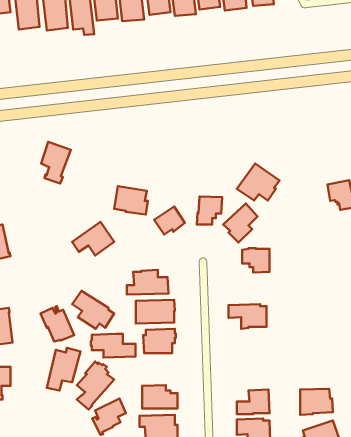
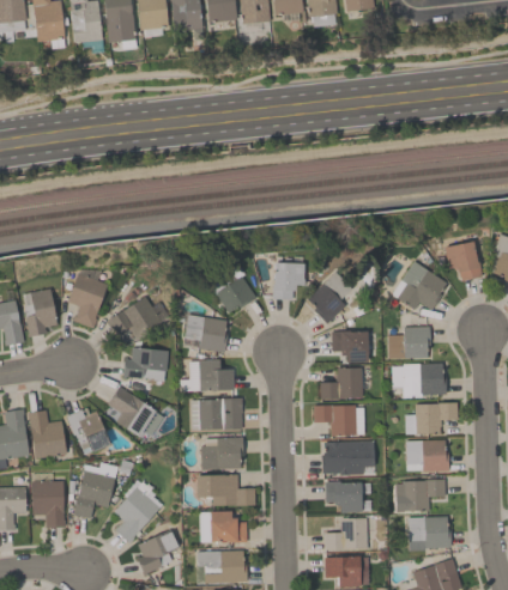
building: [41,142,71,184] -> [68,273,108,328]
building: [237,163,280,201] -> [391,261,447,310]
building: [114,186,148,214] -> [183,315,228,352]
building: none -> [25,288,56,336]
building: none -> [388,326,430,359]
building: none -> [123,347,169,381]
building: none -> [392,363,447,397]
building: none -> [320,367,363,400]
building: none -> [405,402,458,434]
building: none -> [28,410,66,457]
building: none -> [406,439,449,472]
building: none -> [322,442,374,475]
building: [91,334,135,357] -> [196,475,255,506]
building: none -> [32,480,66,527]
building: none -> [395,480,446,512]
building: none -> [325,481,362,513]

